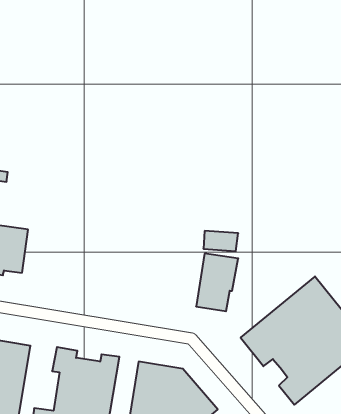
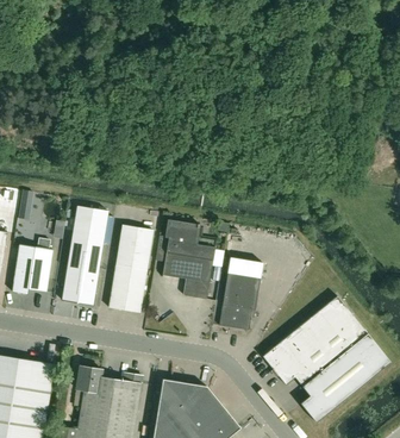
building: none -> [62,206,107,305]
building: none -> [162,220,214,299]
building: none -> [110,225,154,312]

